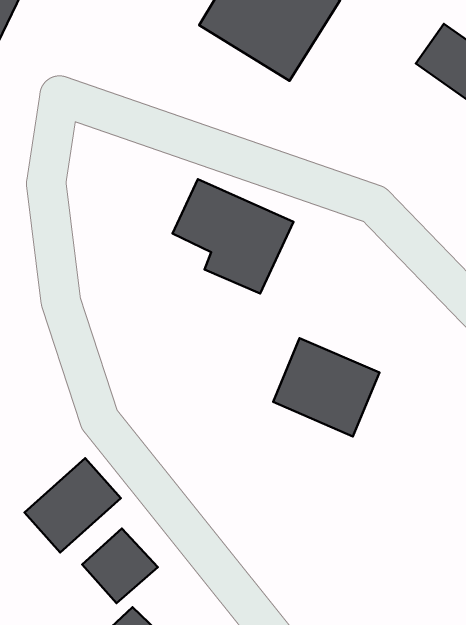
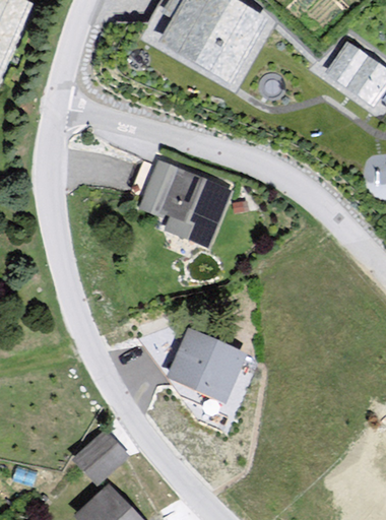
building: [273,338,379,436] -> [167,329,248,404]
building: [25,458,121,552] -> none

